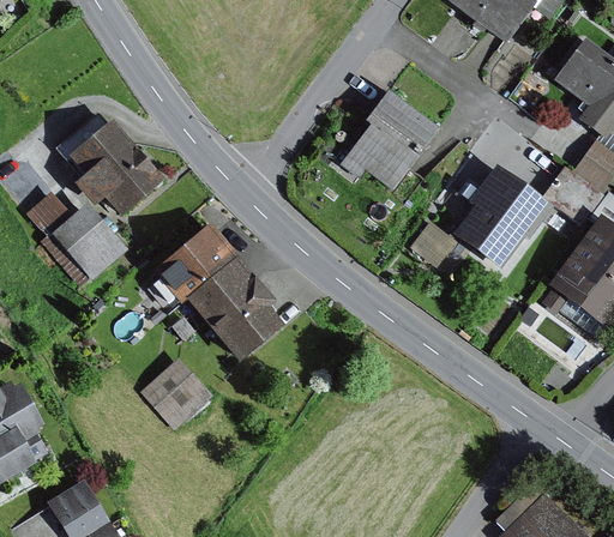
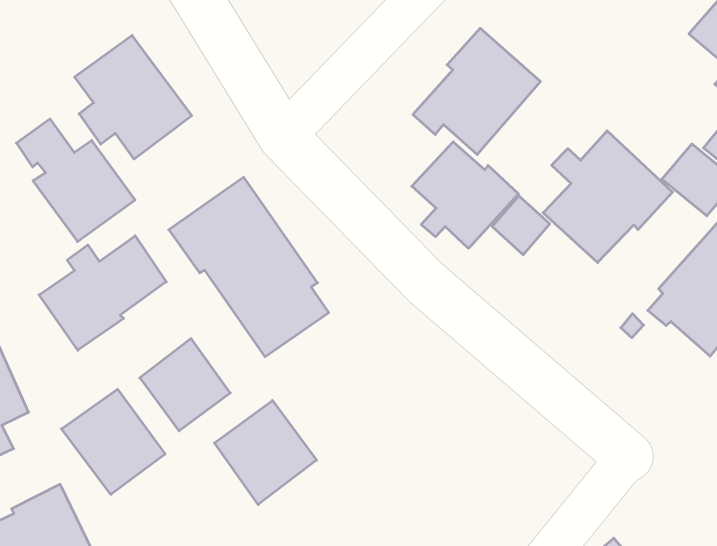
building: none -> [412,142,518,248]
building: none -> [39,236,166,350]
building: none -> [214,400,317,505]
building: none -> [61,389,165,494]

